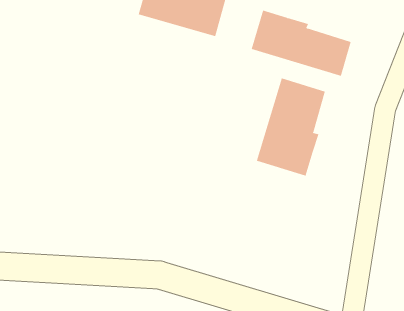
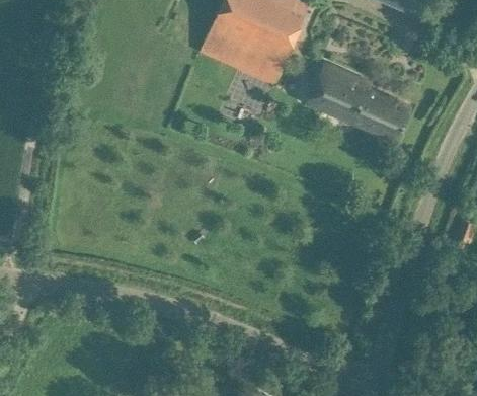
building: [256,78,326,176] -> none

